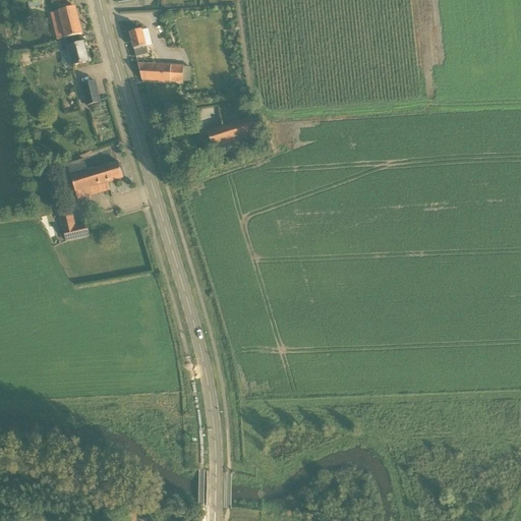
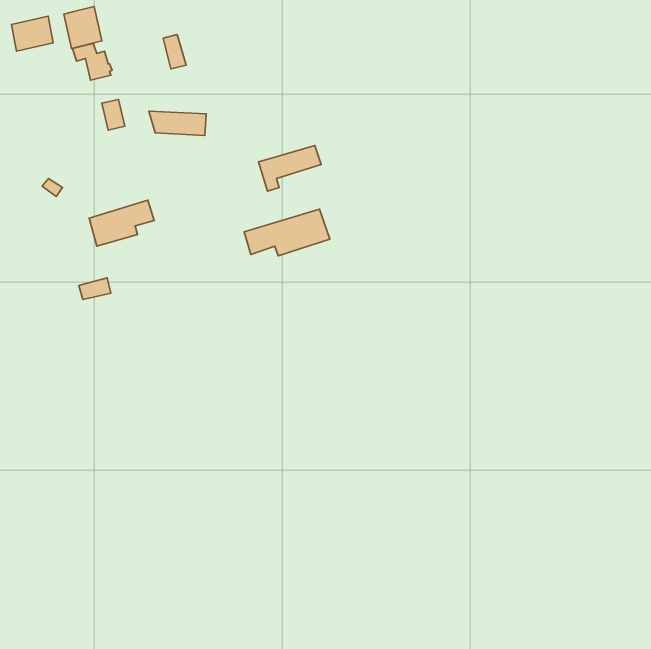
building: none -> [11,16,53,51]
building: [137,62,183,81] -> [149,111,206,135]
building: none -> [244,209,330,256]

